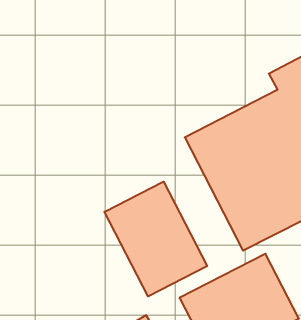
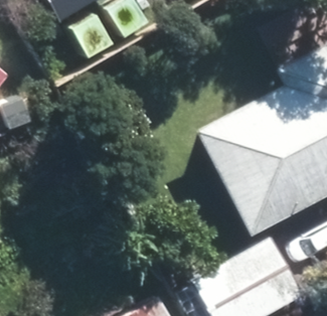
building: [104,182,207,296] -> none

